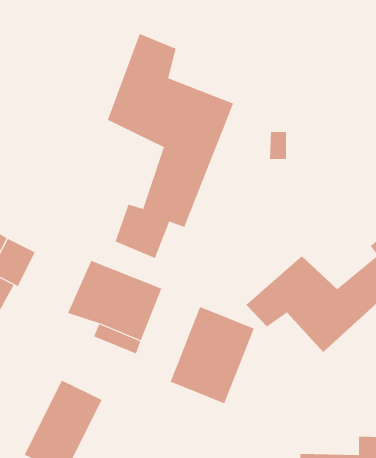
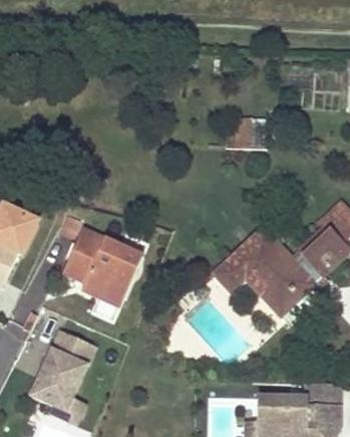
building: [107,33,234,259] -> none
building: [170,306,254,404] -> none

